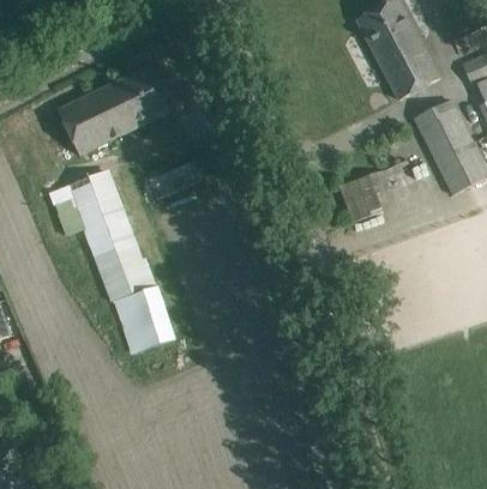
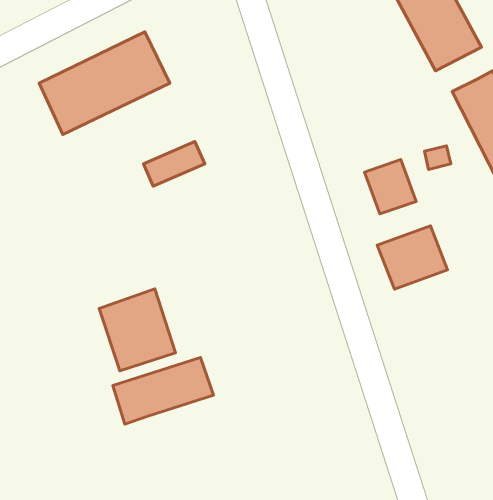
building: [54,173,151,300] -> none
building: none -> [377,226,447,289]
building: none -> [113,357,214,424]

